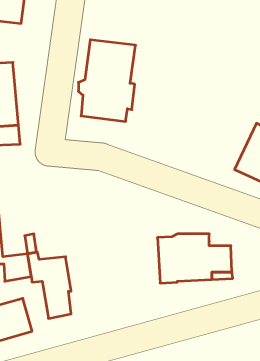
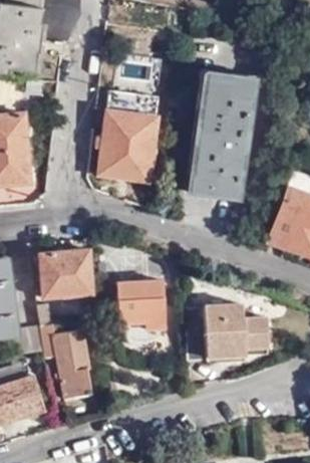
building: none -> [190,72,252,195]
building: none -> [37,250,90,297]
building: none -> [113,277,163,326]

